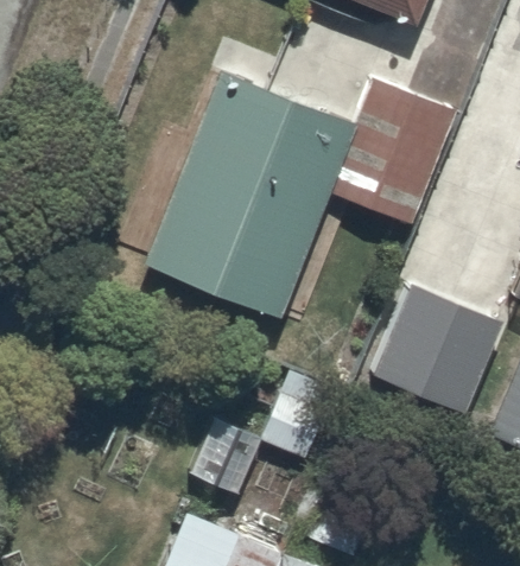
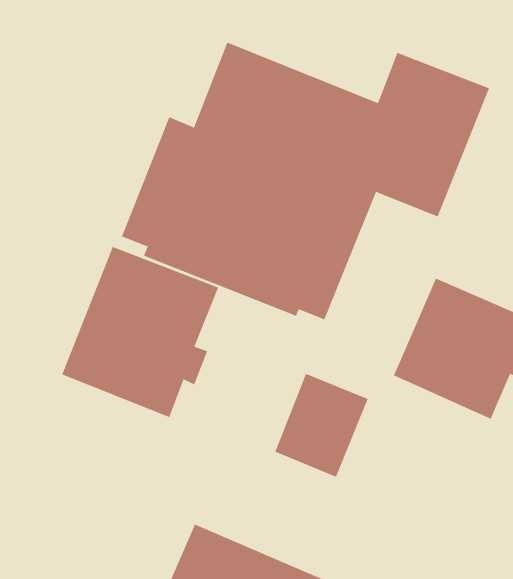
building: none -> [61,246,219,418]

